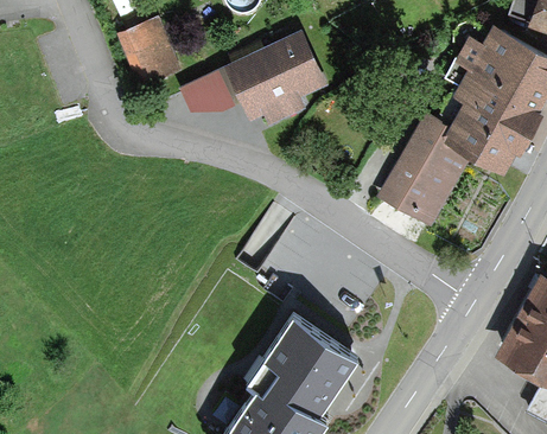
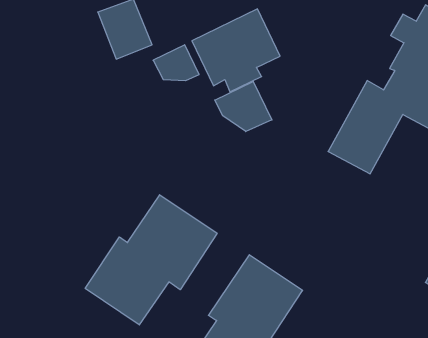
building: none -> [215,81,272,132]
building: none -> [85,195,217,325]

